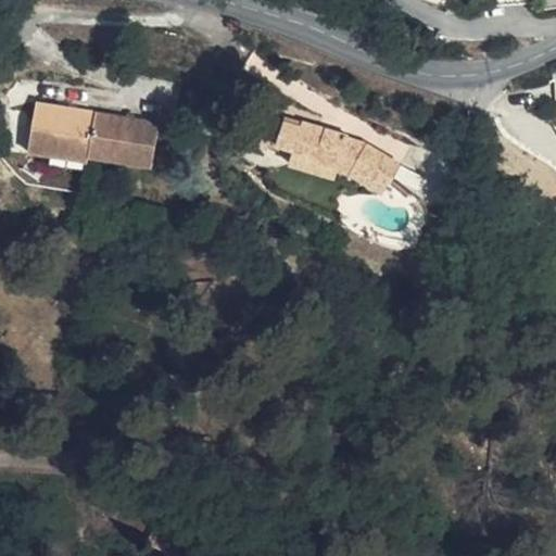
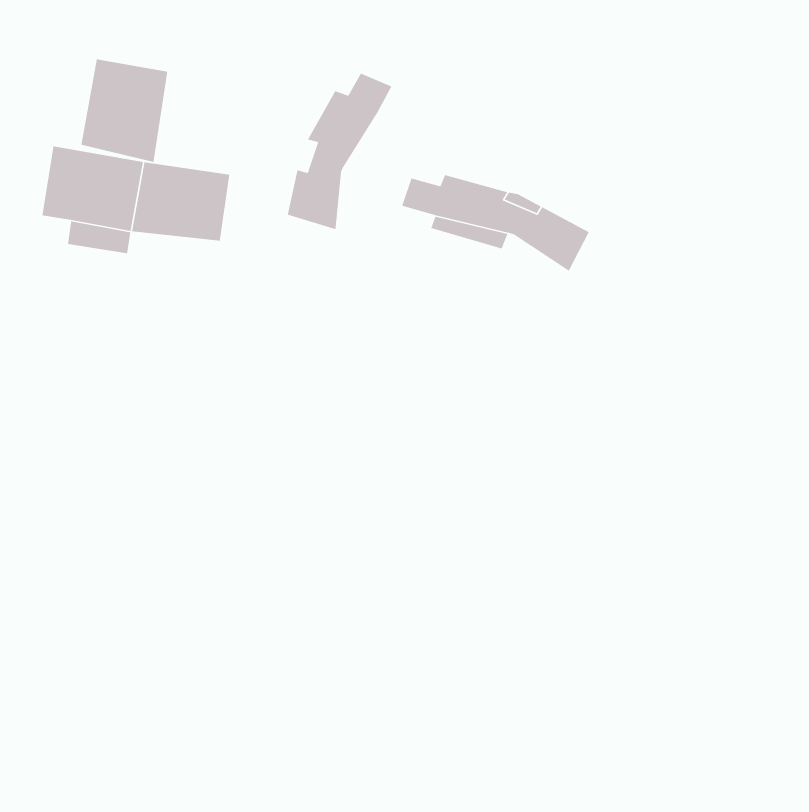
building: none -> [81,59,168,163]
building: none -> [287,72,392,230]

